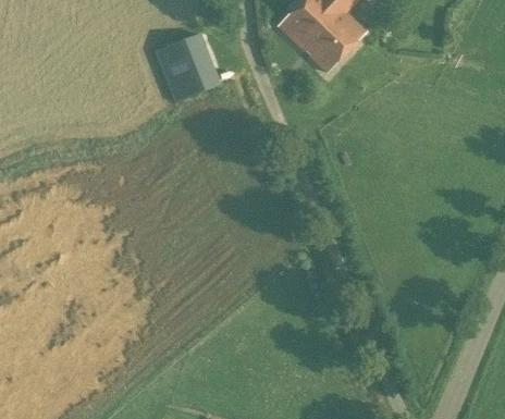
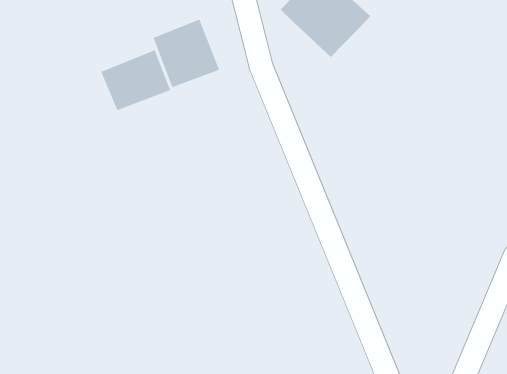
building: none -> [100,49,171,111]

